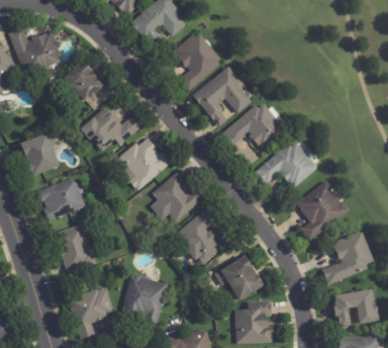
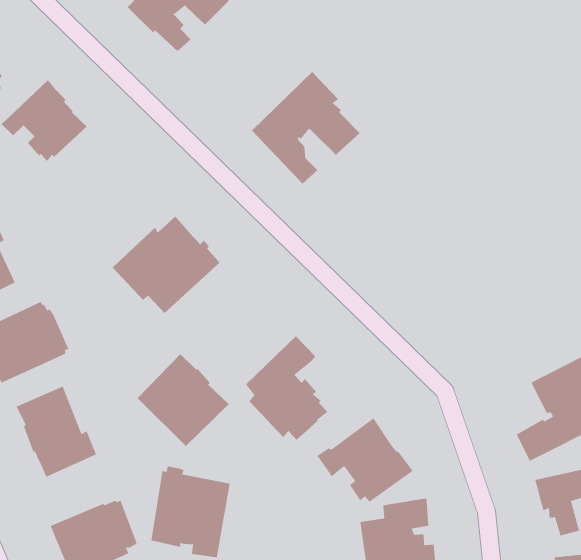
building: [173,33,221,91] -> none
building: [221,103,284,149] -> none
building: [80,107,138,151] -> none
building: [255,143,316,188] -> none
building: [151,171,200,222] -> [137,353,229,447]
building: [296,180,349,240] -> none

